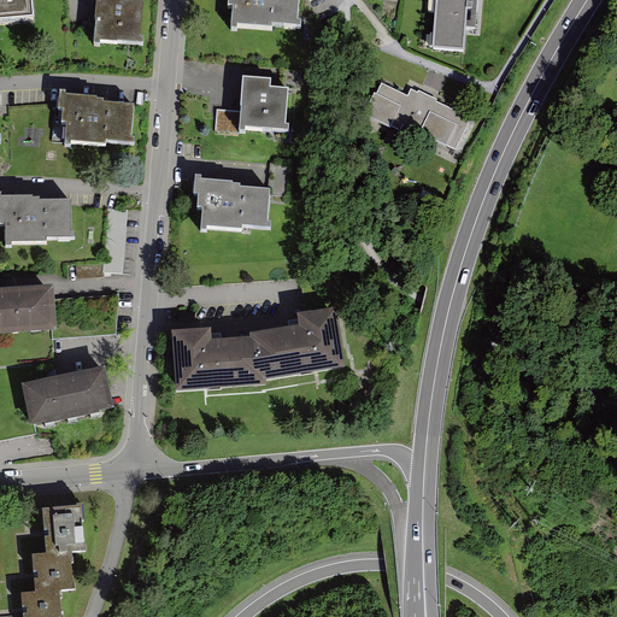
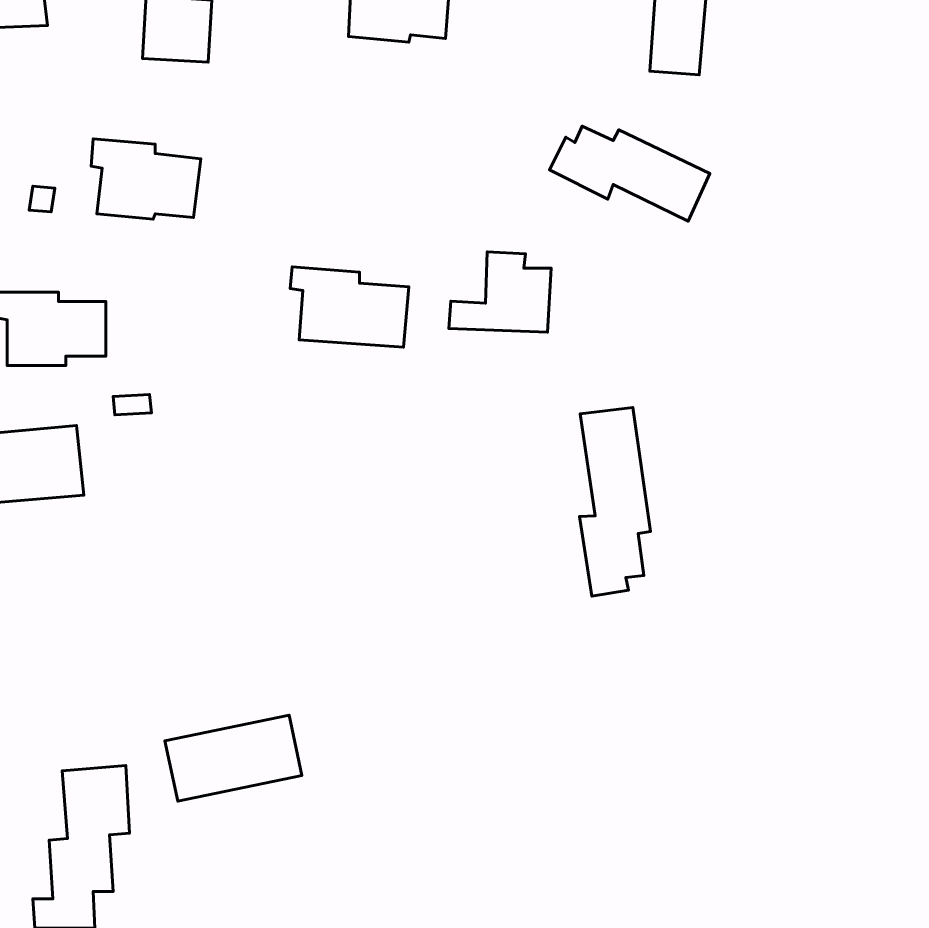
building: [217,77,284,130] -> [449,252,551,332]
building: none -> [579,407,650,596]
building: [170,306,342,388] -> none
building: [19,365,110,422] -> [165,715,302,801]

